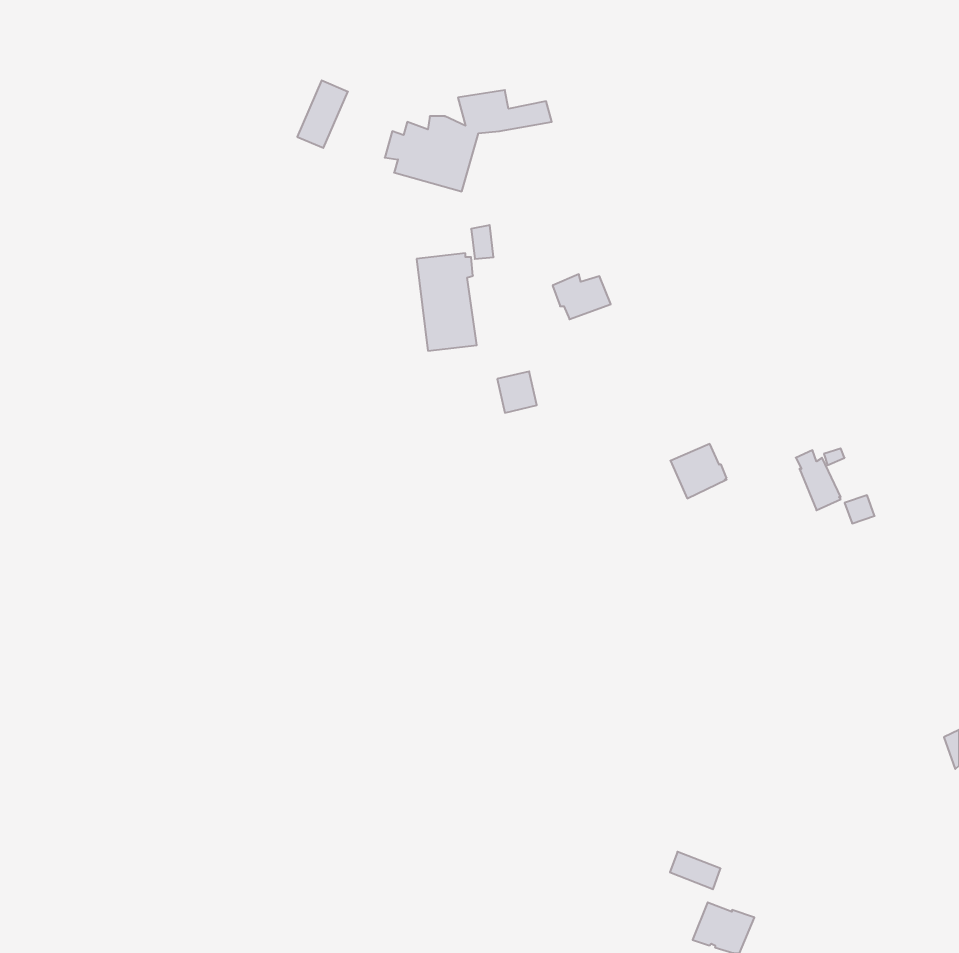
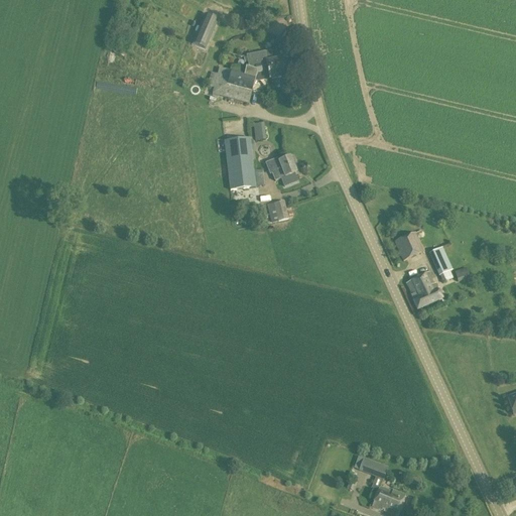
building: [297,80,348,148] -> [191,12,219,48]
building: [553,274,611,319] -> [265,155,296,179]
building: [670,444,727,498] -> [394,231,424,260]
building: none -> [406,271,441,308]

